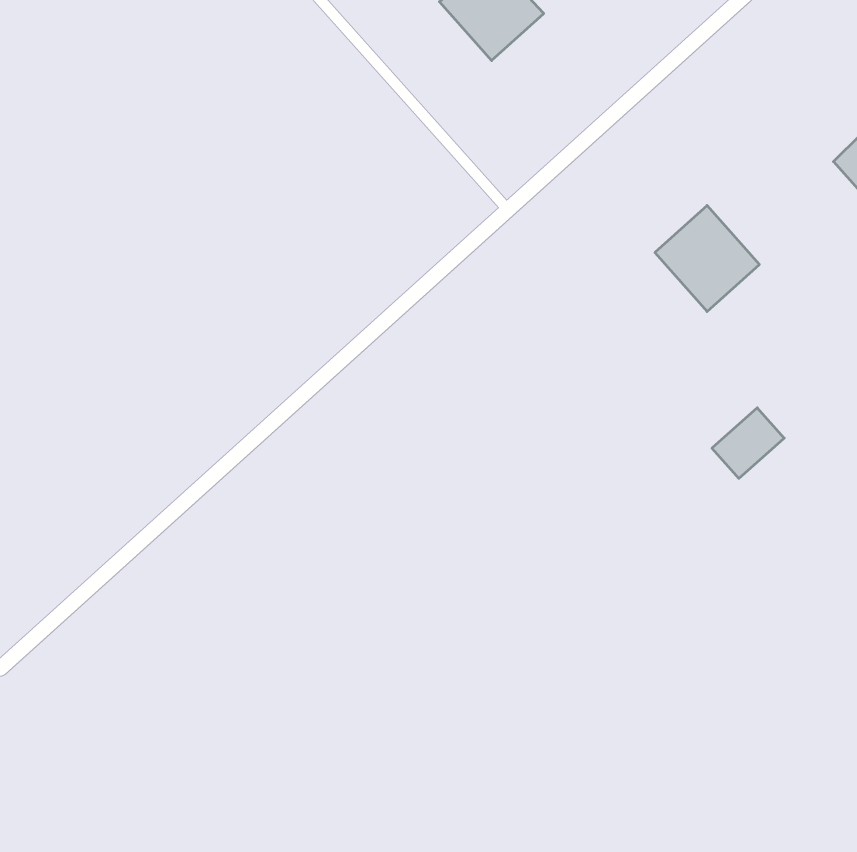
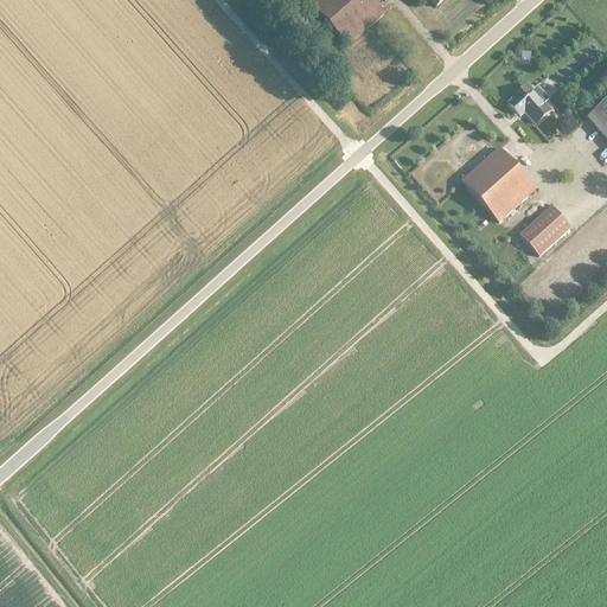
building: none -> [510,82,551,121]
building: [712,408,784,478] -> [520,204,571,254]

